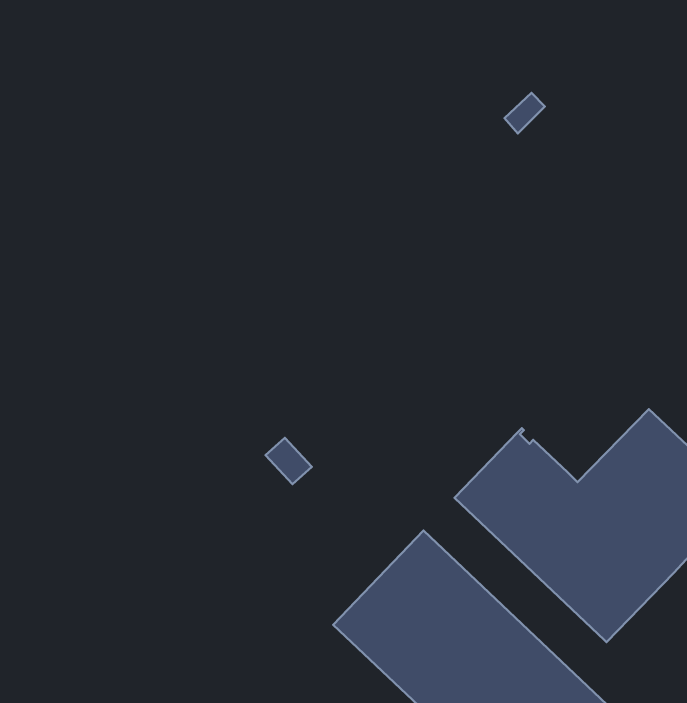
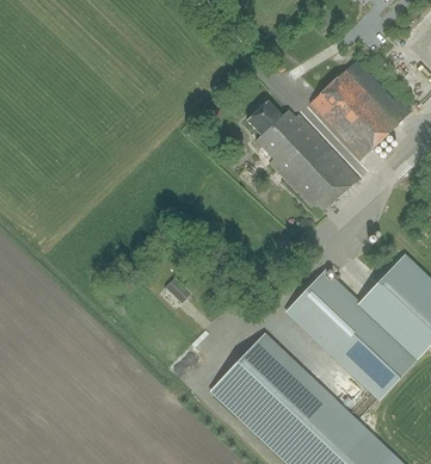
building: none -> [312,68,400,157]
building: none -> [248,100,361,215]

